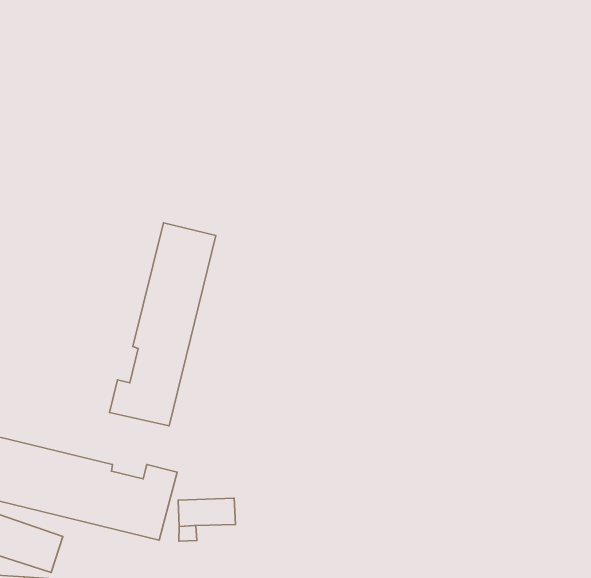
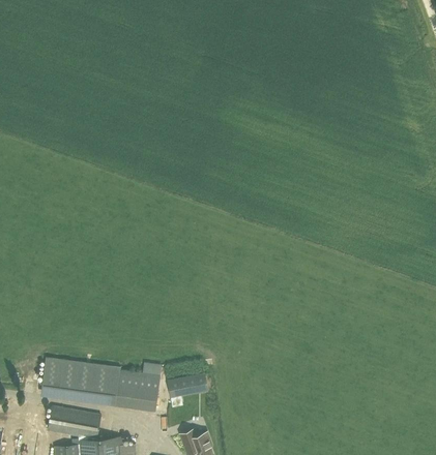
building: [110,223,216,426] -> none

